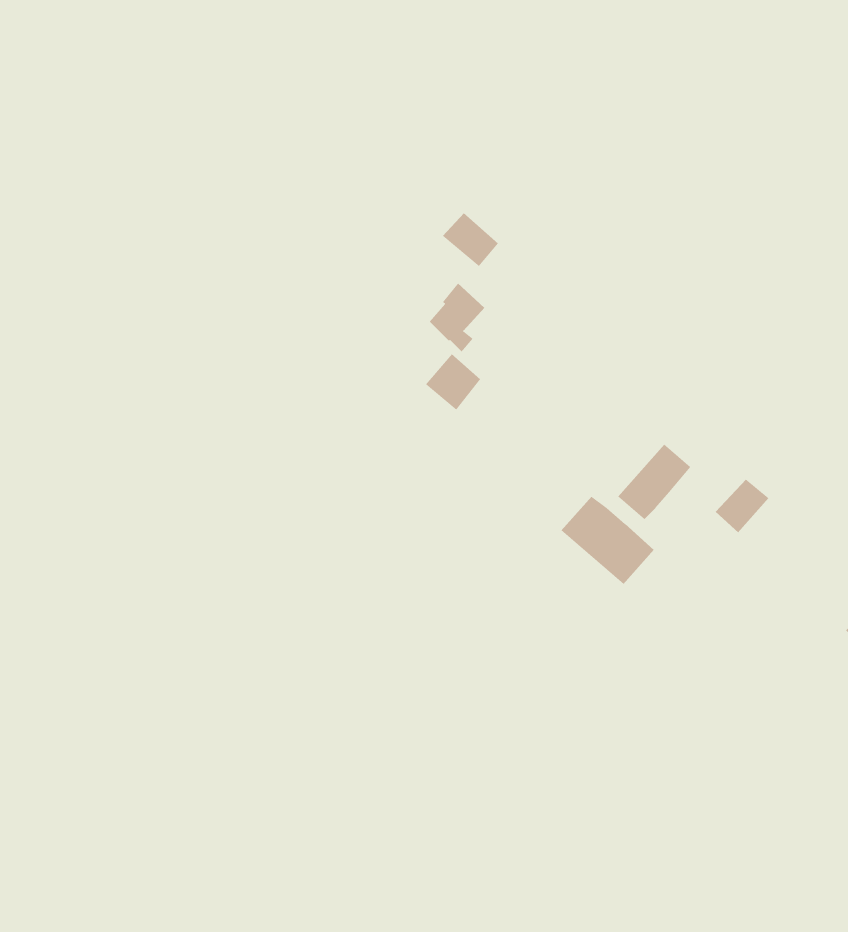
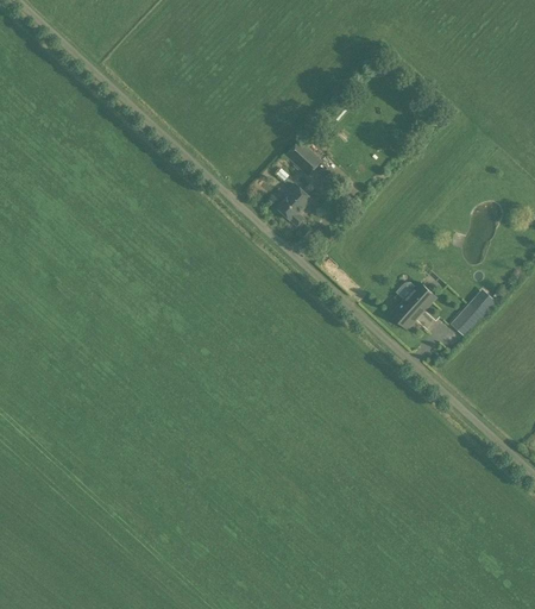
building: [425,353,481,411] -> none
building: [560,496,655,585] -> none

